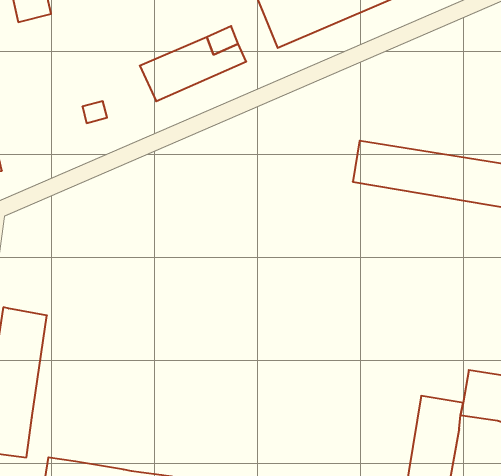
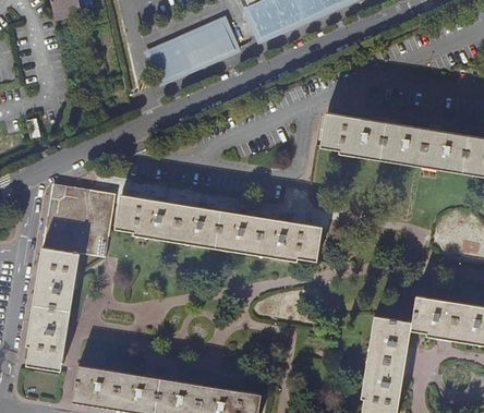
building: none -> [47,193,111,256]
building: none -> [117,196,317,262]

